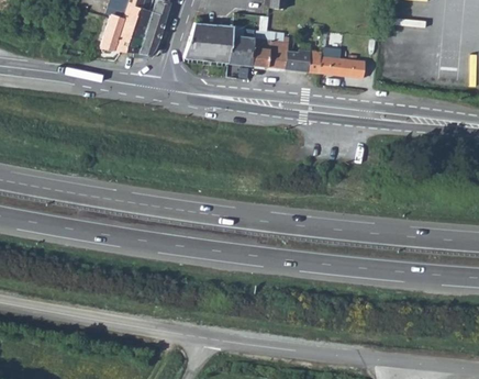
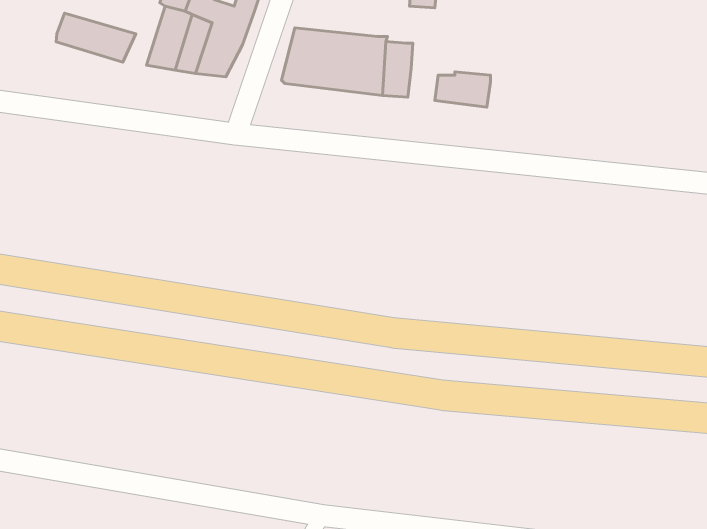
building: none -> [56,13,136,62]
building: [269,31,290,68] -> none
building: [321,47,367,77] -> none

